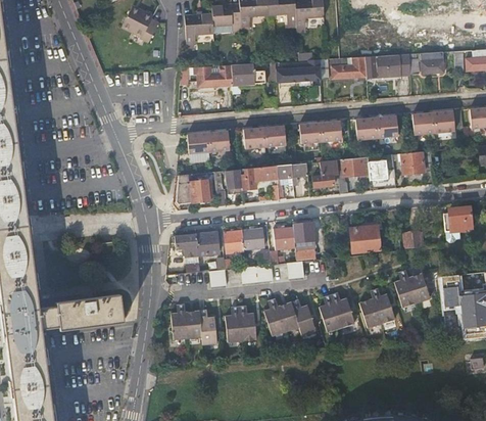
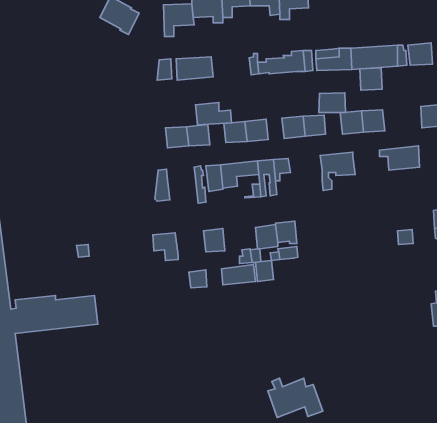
building: [231,62,265,84] -> [196,103,232,125]
building: none -> [319,93,346,112]
building: [412,112,434,134] -> [360,68,382,90]
building: [368,154,394,180] -> none
building: [312,159,338,187] -> none
building: [189,181,212,202] -> none
building: [350,225,382,254] -> none
building: [242,228,263,250] -> none
building: [196,232,218,255] -> none
building: [393,269,429,306] -> none
building: [359,288,395,328] -> none
building: [320,292,355,332] -> none
building: [263,298,317,336] -> [268,378,323,418]
building: [169,306,217,345] -> none
building: [226,307,257,342] -> none

